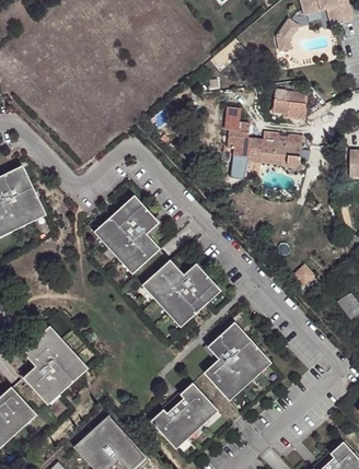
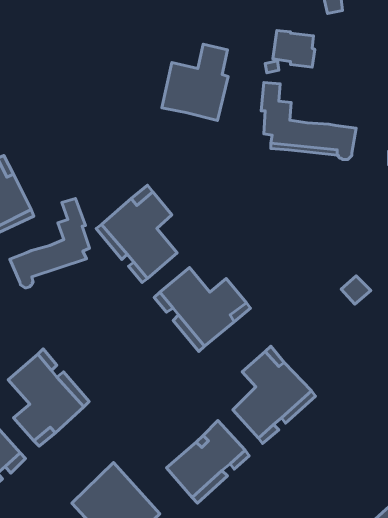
building: none -> [162,44,228,121]
building: [274,91,308,120] -> [273,31,315,67]
building: none -> [10,198,90,288]

